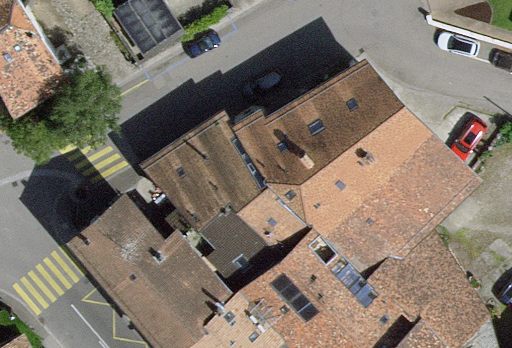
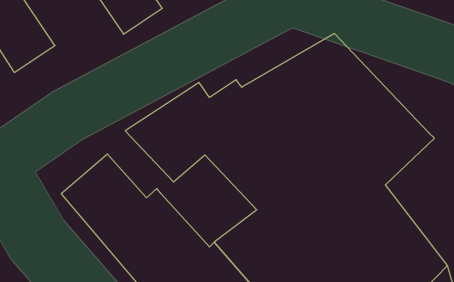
building: [181,195,284,294] -> none

